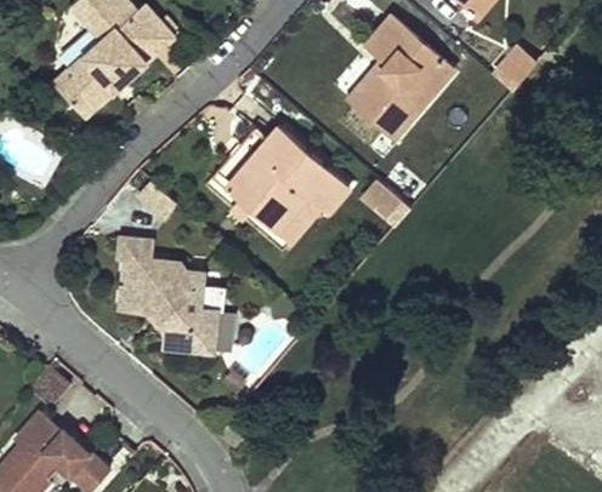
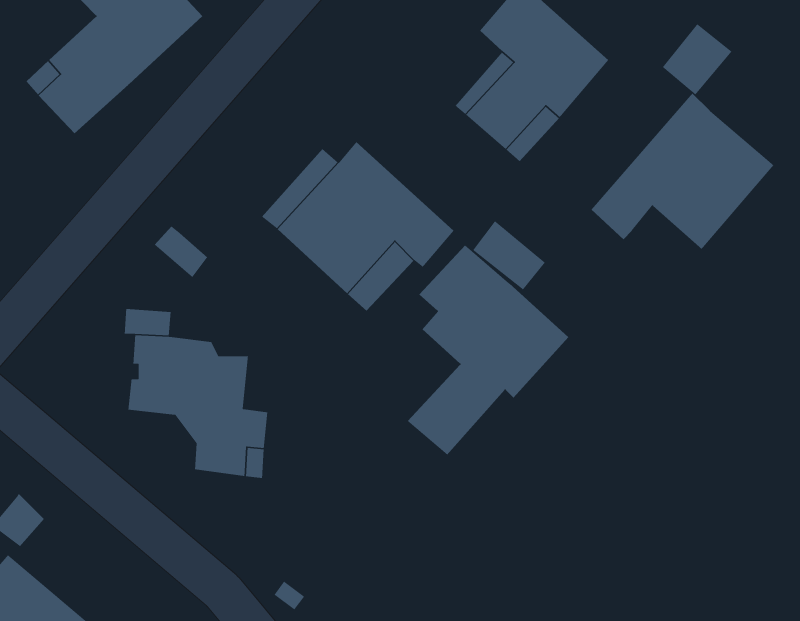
building: none -> [591,93,774,250]
building: none -> [407,244,569,455]

